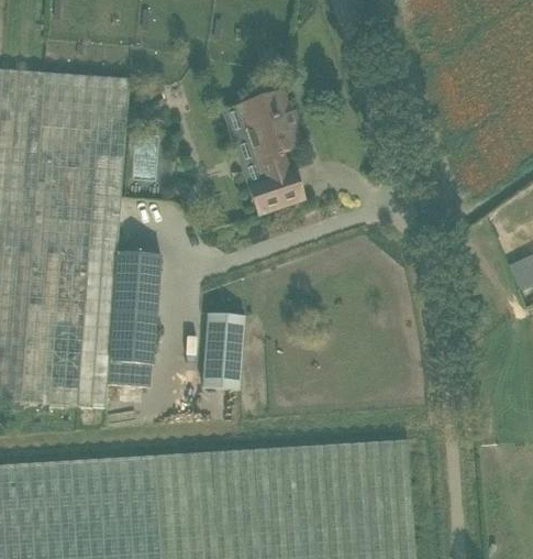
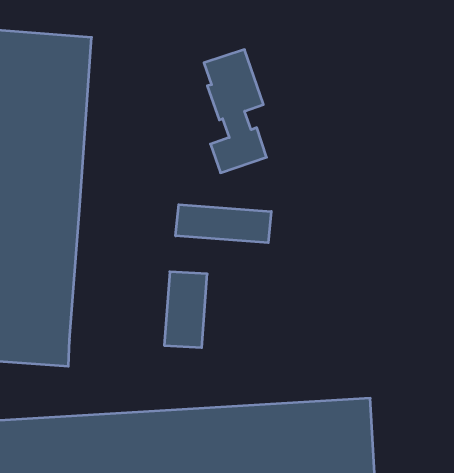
building: none -> [176,205,271,243]
building: [106,253,158,386] -> none

